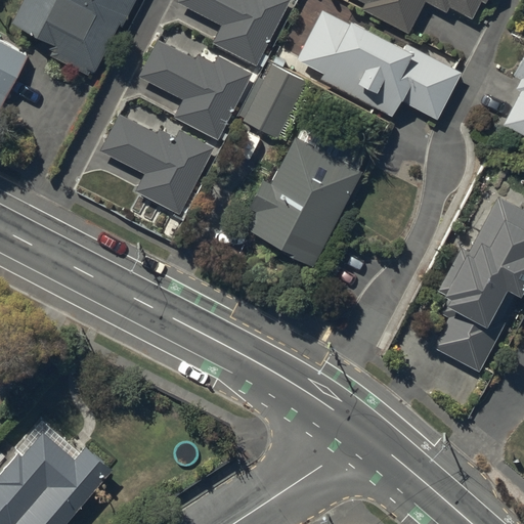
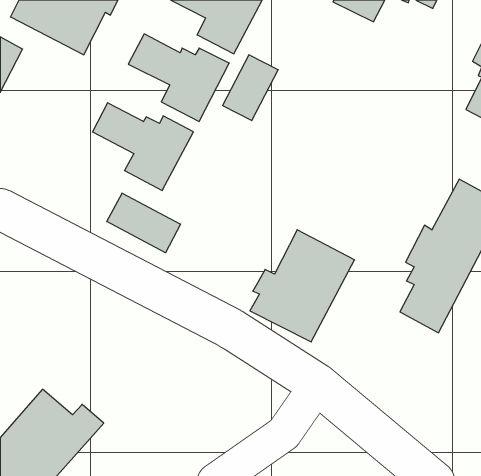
building: [297,11,458,117] -> none
building: [246,141,359,263] -> [250,230,355,342]
building: none -> [107,193,181,253]

